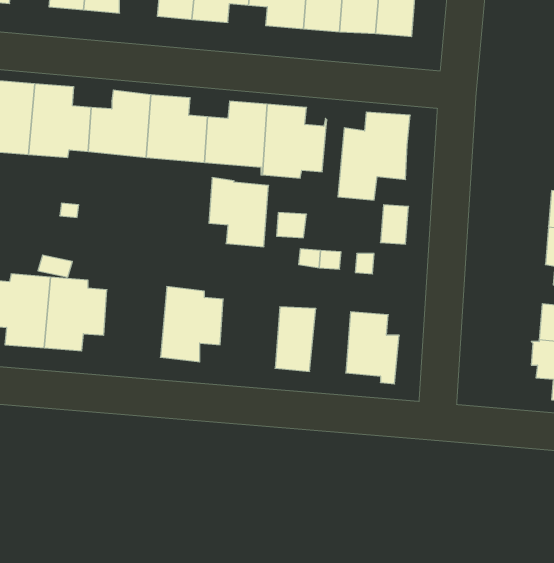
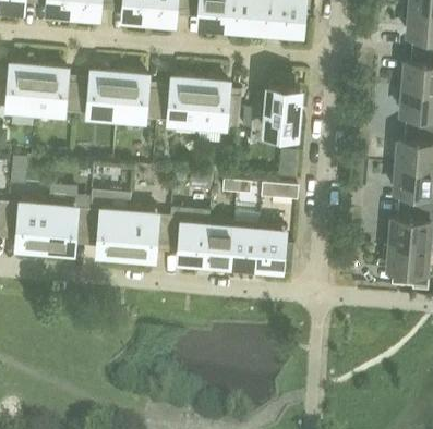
building: [209,178,269,247] -> [168,218,209,266]
building: none -> [87,207,131,258]
building: none -> [230,224,258,269]

